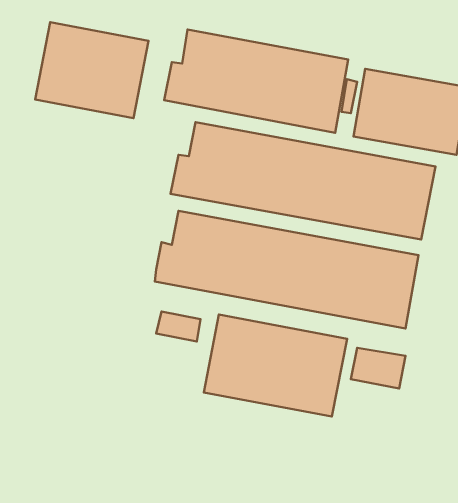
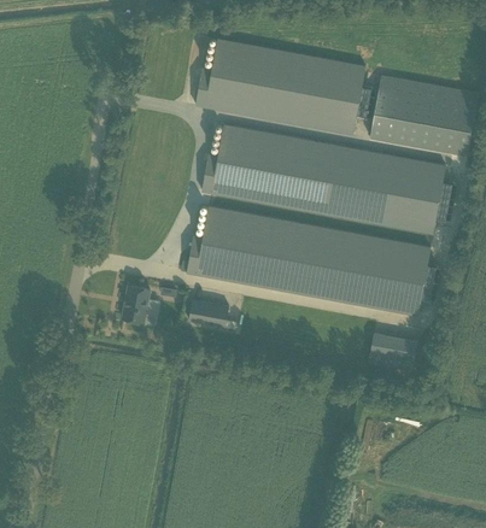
building: [35,22,149,118] -> none
building: none -> [122,286,159,325]
building: [204,314,347,417] -> none

